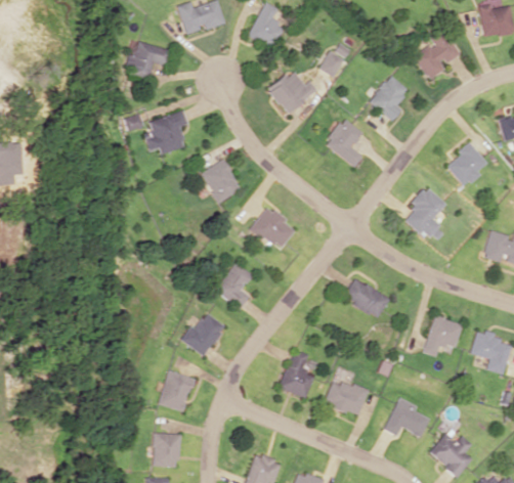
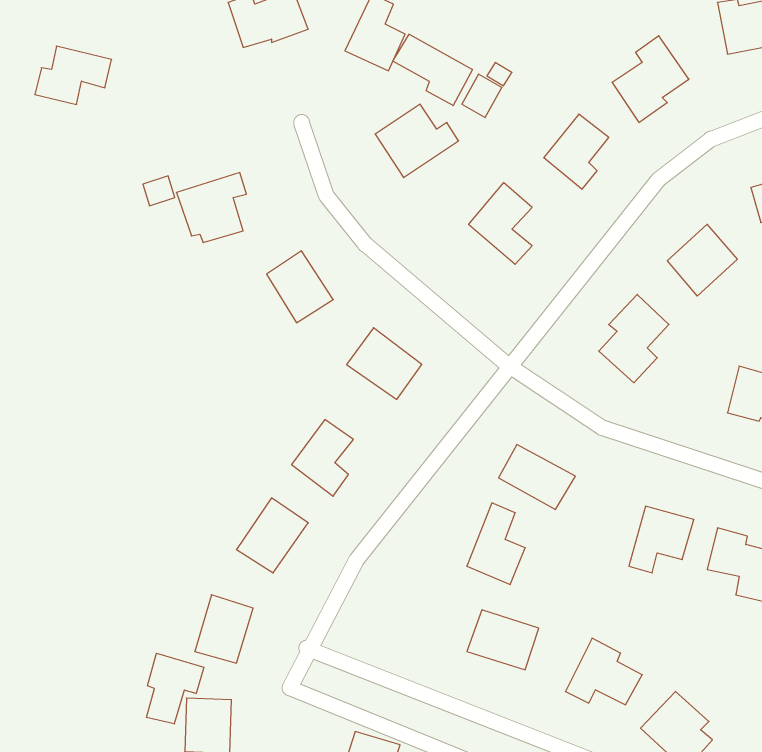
building: none -> [393,34,472,106]
building: [125,41,172,77] -> [35,46,112,104]
building: [281,348,316,398] -> [467,503,525,585]
building: none -> [147,653,204,724]

